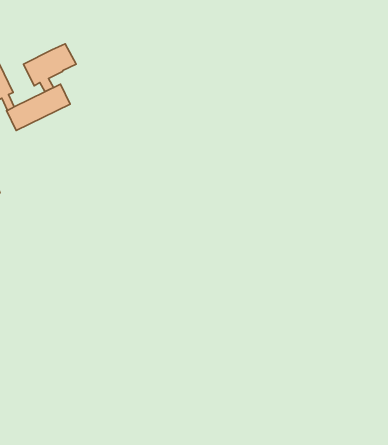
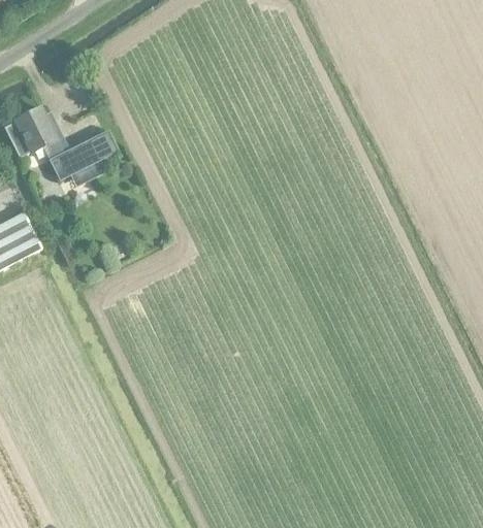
building: [24,44,76,92] -> none

